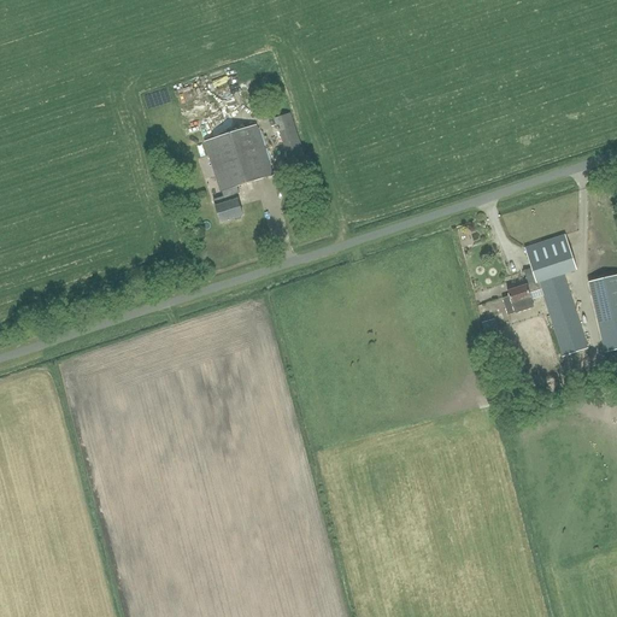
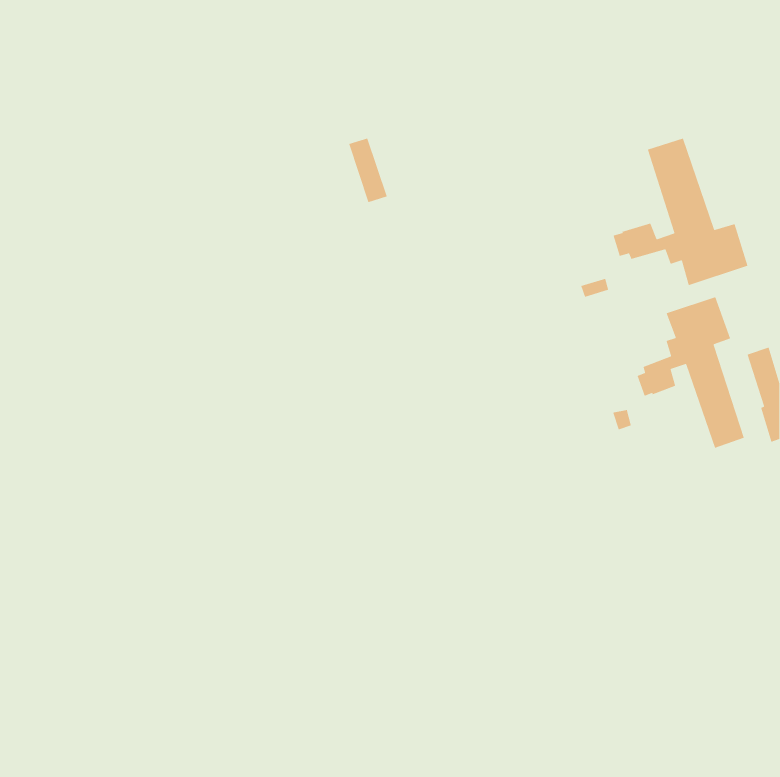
building: none -> [612,137,748,286]
building: [204,123,272,221] -> none

